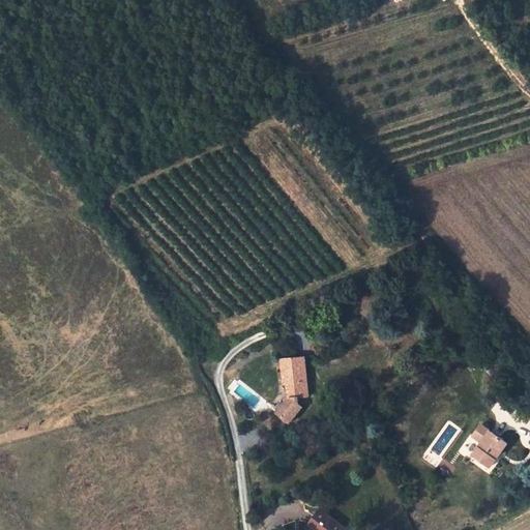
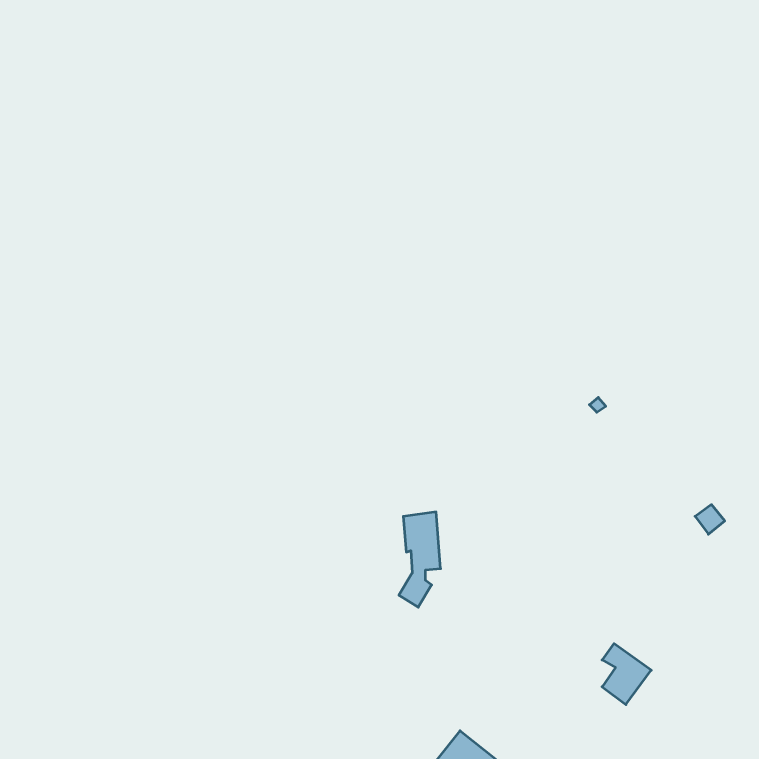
building: [472,425,506,468] -> [602,644,651,705]

